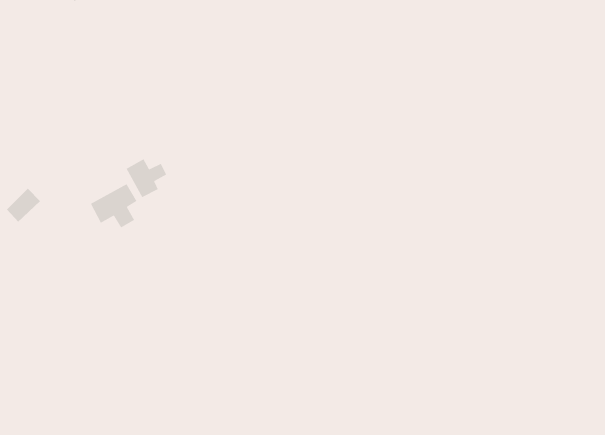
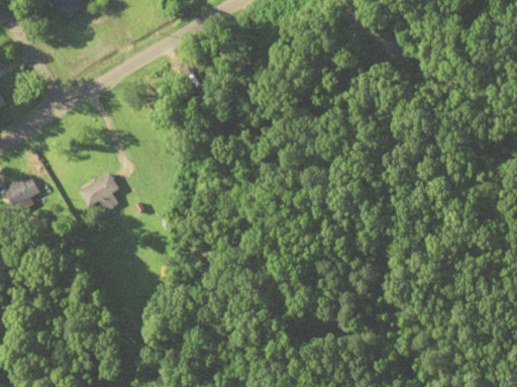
building: [125,158,167,198] -> none

